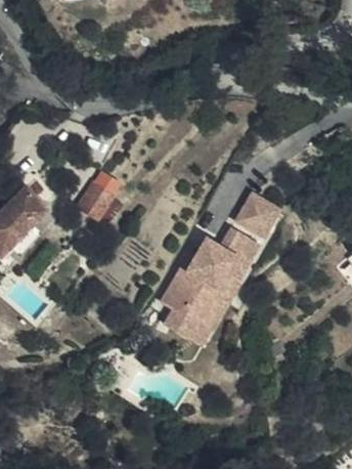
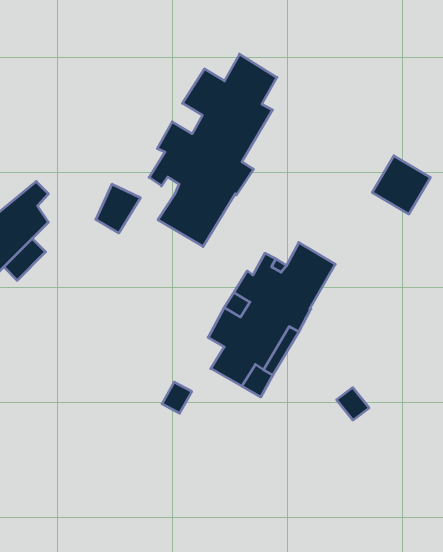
building: none -> [149,54,277,247]
building: [238,190,282,234] -> [372,156,430,214]

